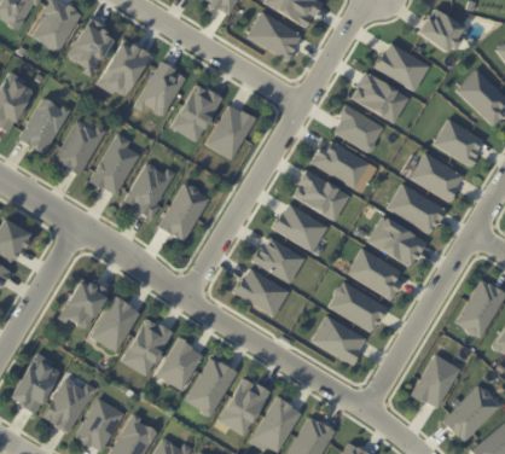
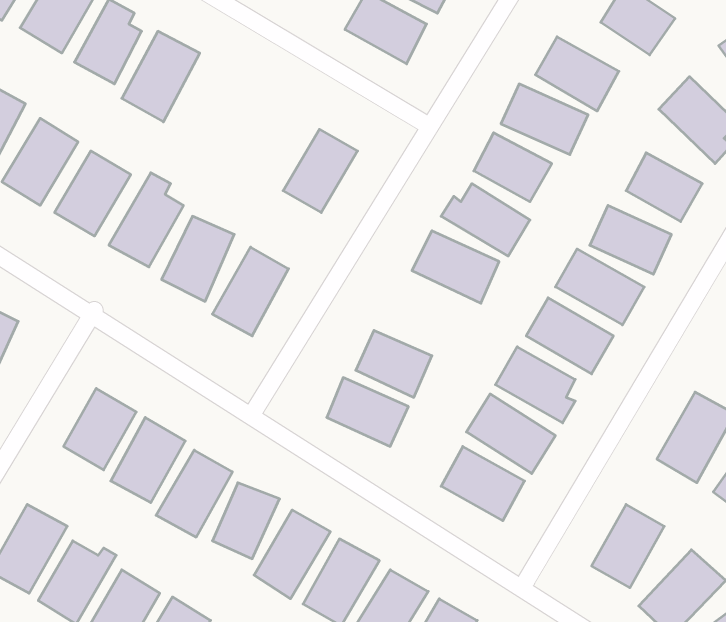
building: [137,62,185,118] -> none
building: [170,83,222,142] -> none
building: [272,203,327,252] -> none

